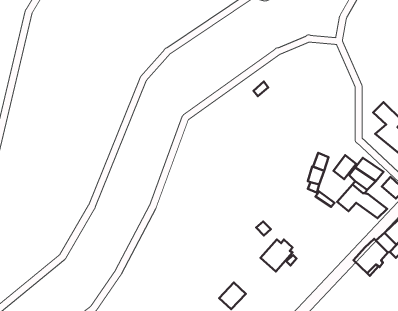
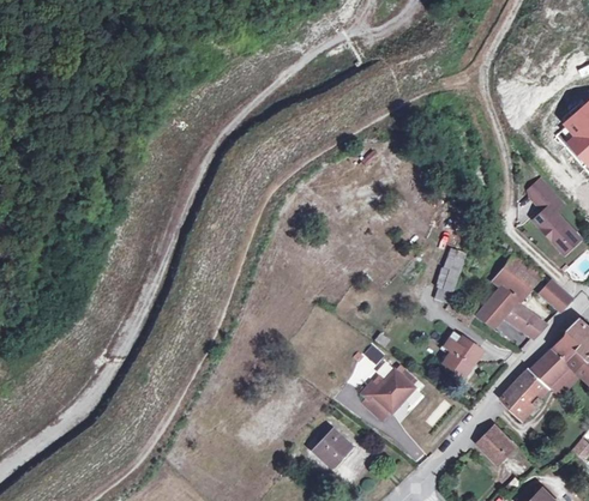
building: [333,155,356,179] -> none
building: none -> [441,332,480,378]
building: none -> [476,425,513,463]

